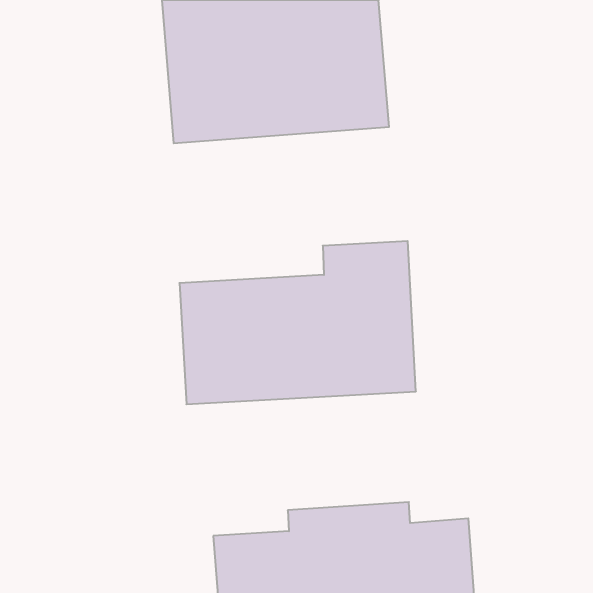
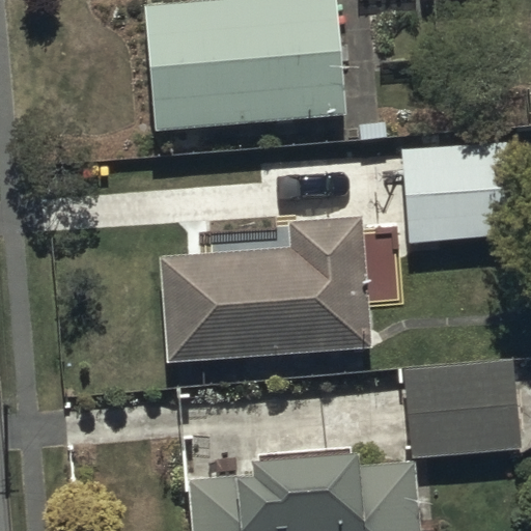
building: none -> [401,141,514,245]
building: none -> [403,358,516,455]

